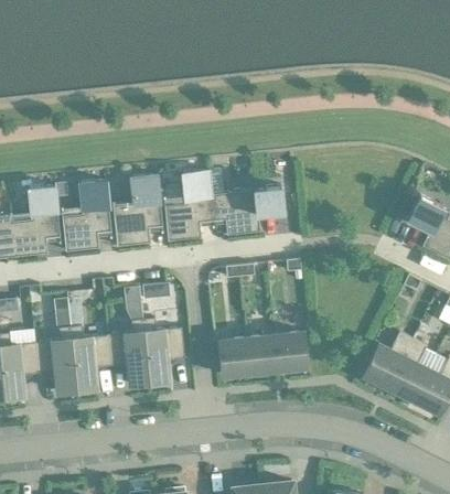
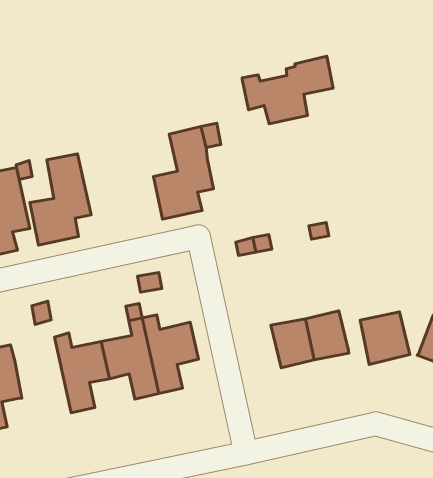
building: [113,175,162,247] -> none
building: [210,185,282,235] -> [242,56,333,124]
building: [35,327,76,393] -> none
building: [217,337,250,375] -> none
building: none -> [360,312,410,365]

